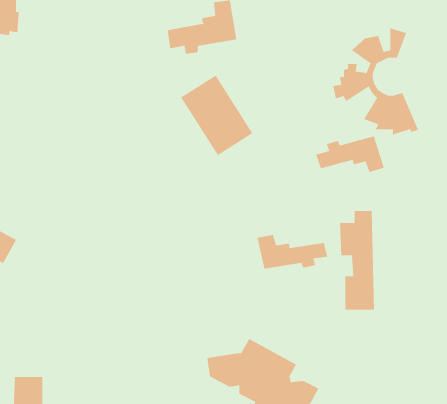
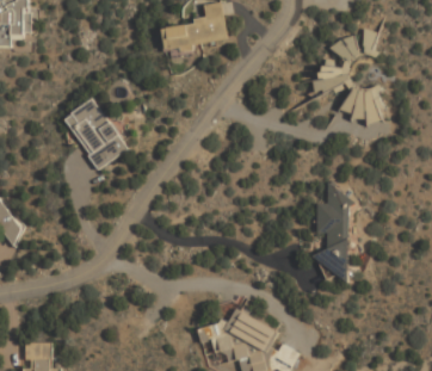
building: [180,75,253,156] -> [62,98,128,171]
building: [315,135,384,173] -> none
building: [257,234,328,270] -> none

